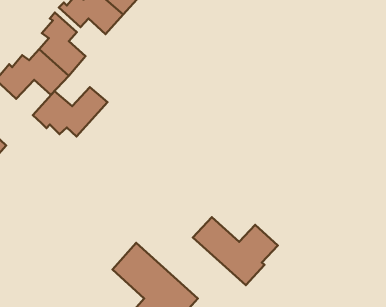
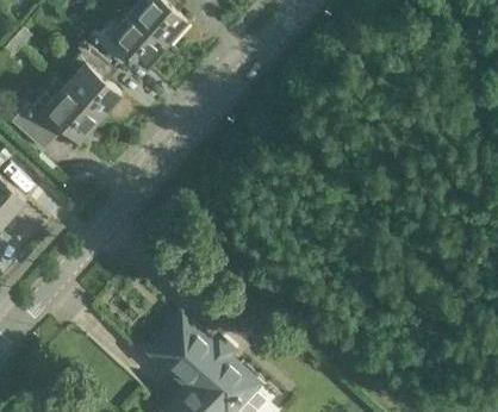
building: [33,87,108,137] -> none
building: [193,217,278,285] -> none

